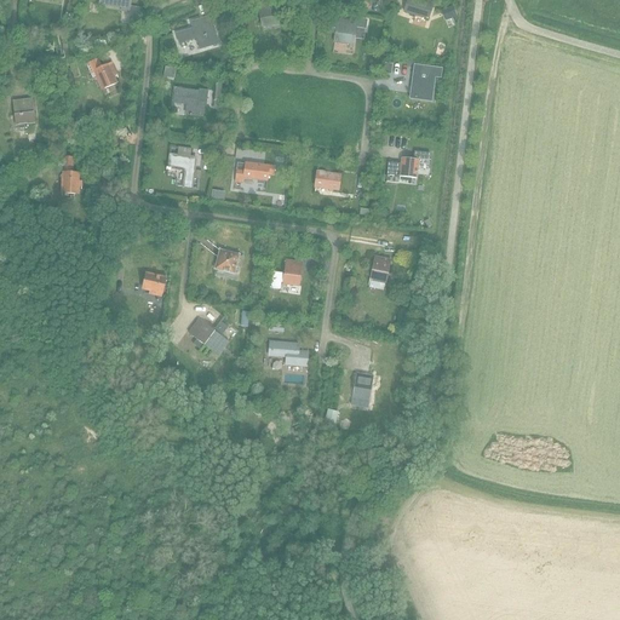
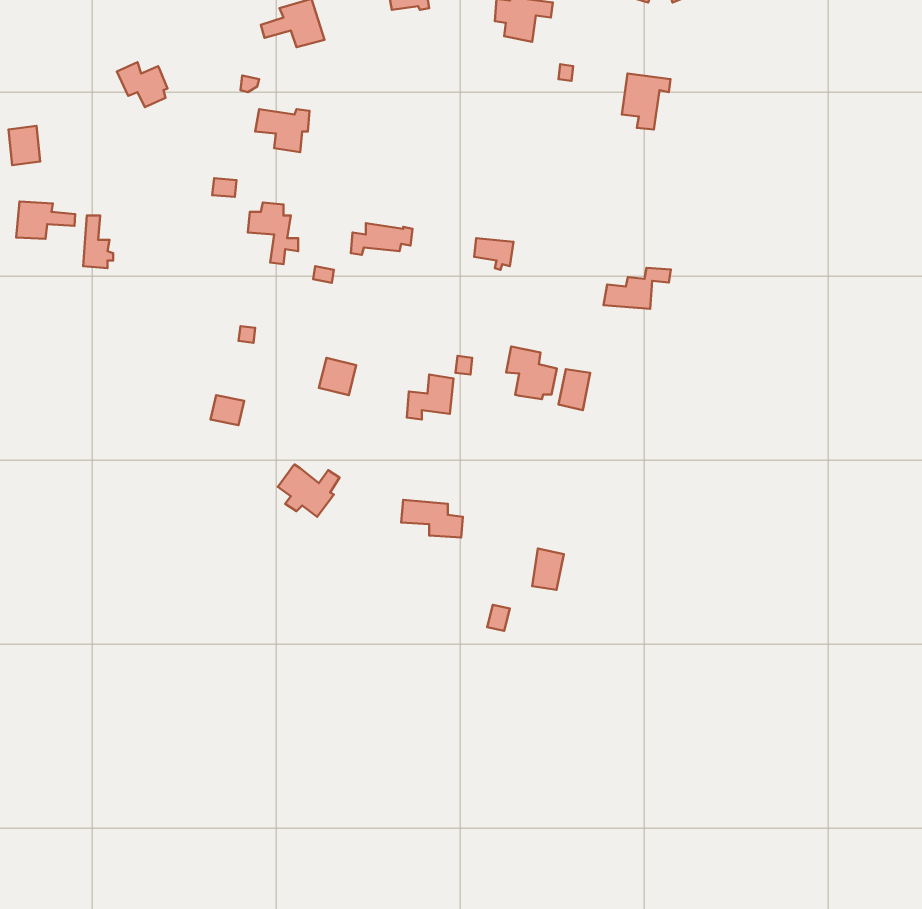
building: none -> [16,201,75,239]
building: [386,150,430,177] -> [603,268,671,309]
building: none -> [506,347,557,399]

